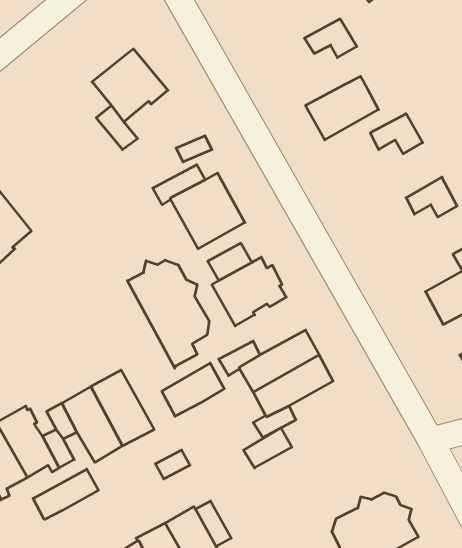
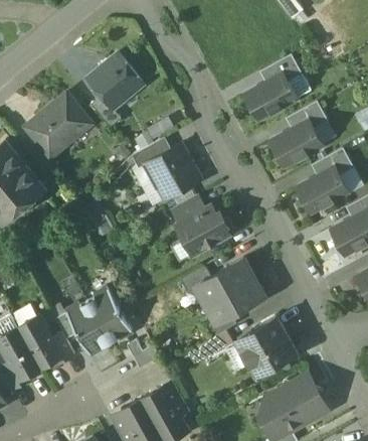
building: [304,19,357,58] -> [264,54,303,83]
building: none -> [25,93,89,156]
building: none -> [269,120,323,167]
building: none -> [296,167,349,214]
building: [127,260,209,368] -> none
building: [162,363,224,416] -> none
building: none -> [237,318,295,375]
building: [33,469,98,519] -> none

